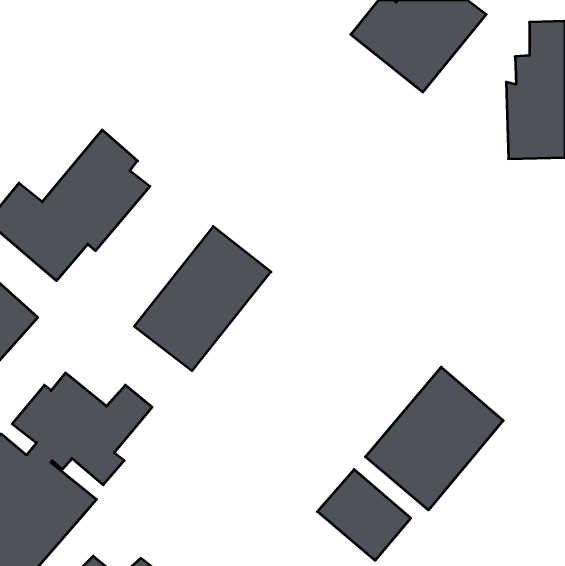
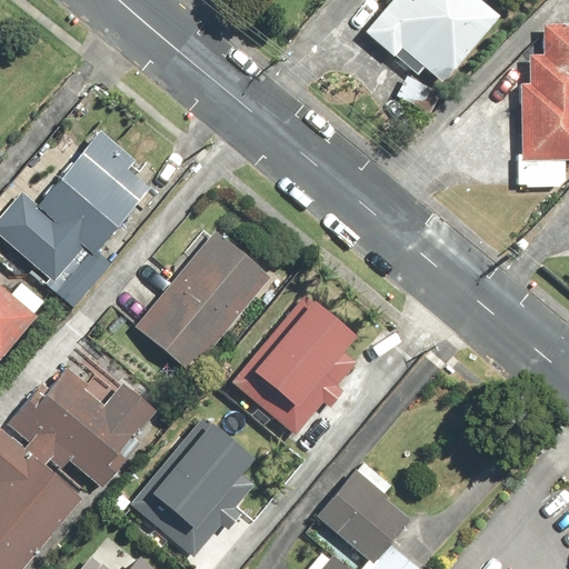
building: none -> [232,289,363,436]
building: [365,367,503,510] -> none
building: none -> [131,412,260,556]

